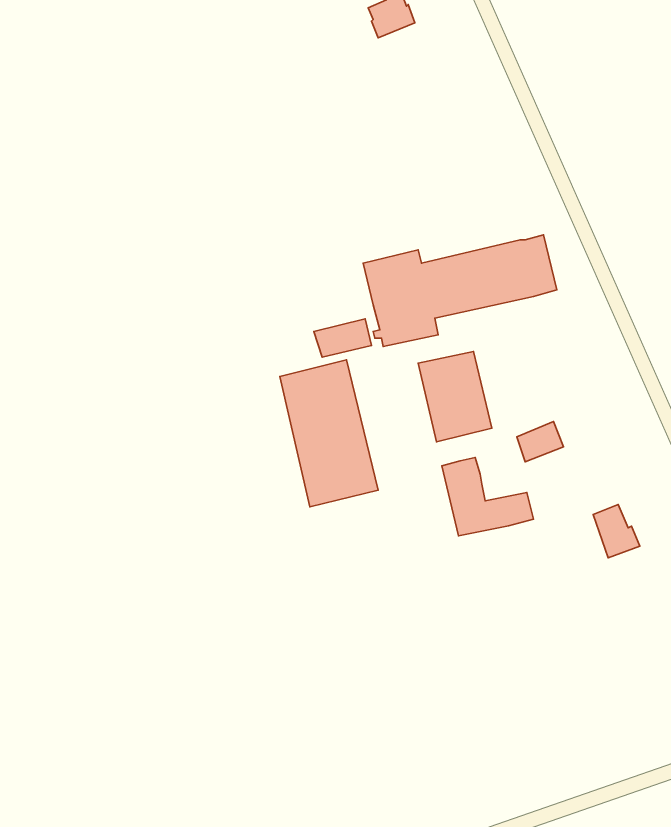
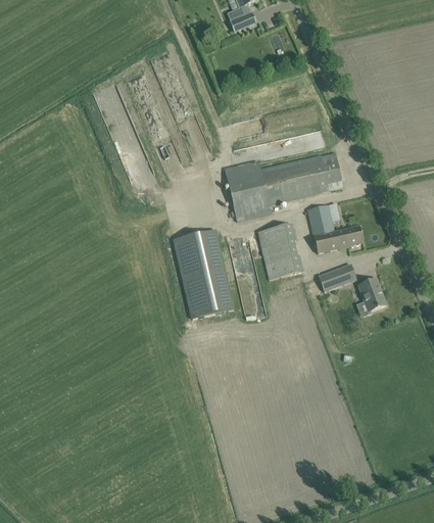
building: [314,319,372,357] -> none
building: [442,457,534,536] -> [307,204,364,252]
building: [593,505,640,558] -> [358,279,387,312]

